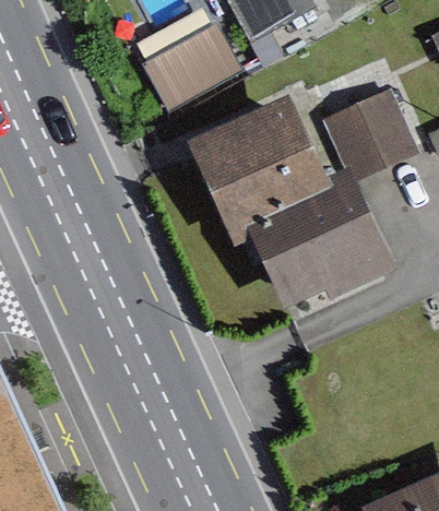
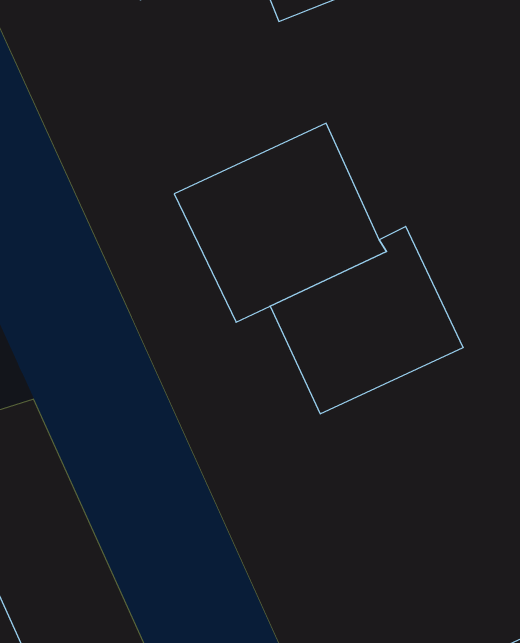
building: [143,25,241,115] -> none
building: [334,96,413,178] -> none

